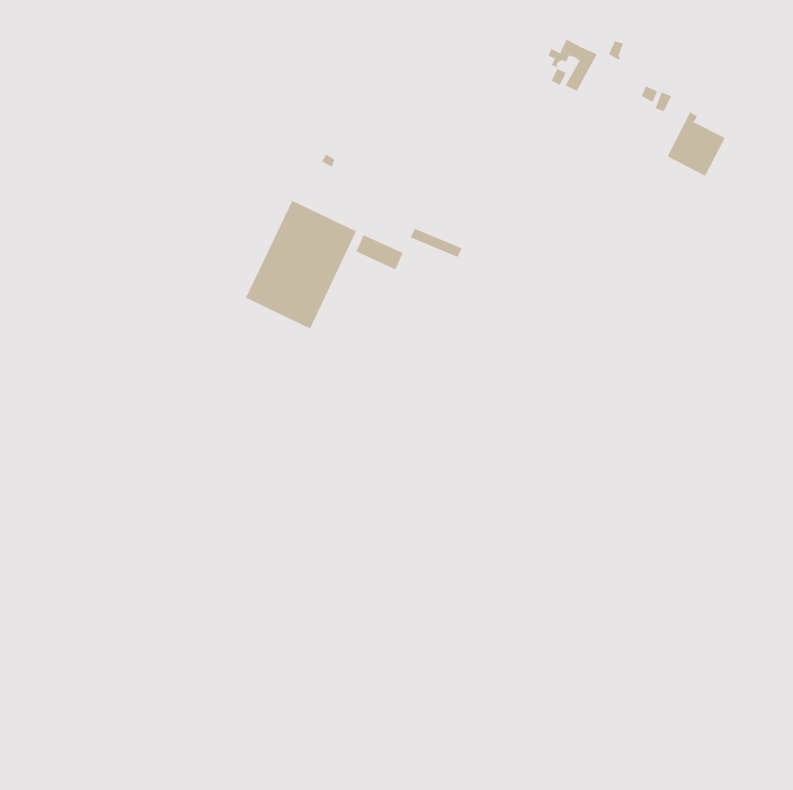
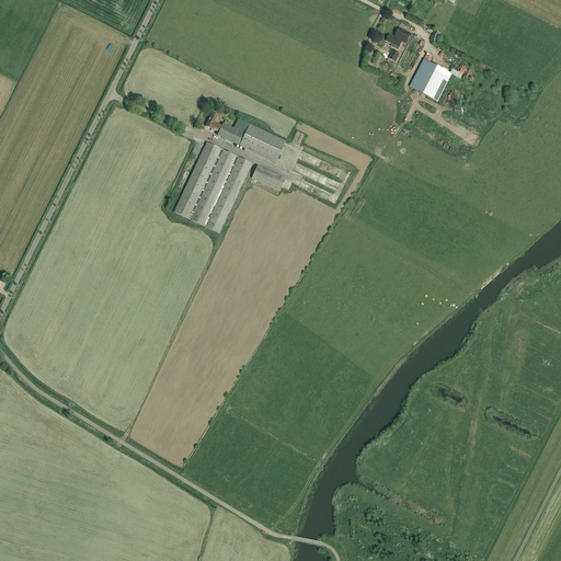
building: [667,111,726,177] -> [410,54,451,100]
building: none -> [206,112,285,162]

